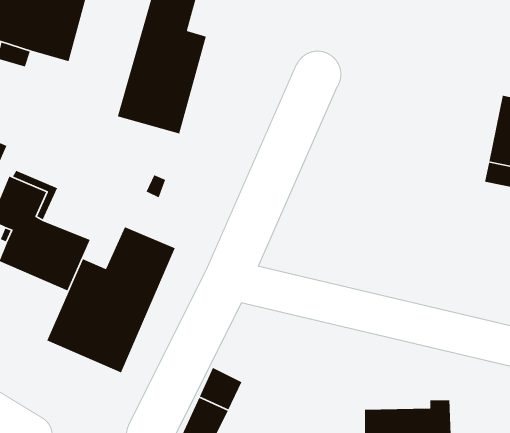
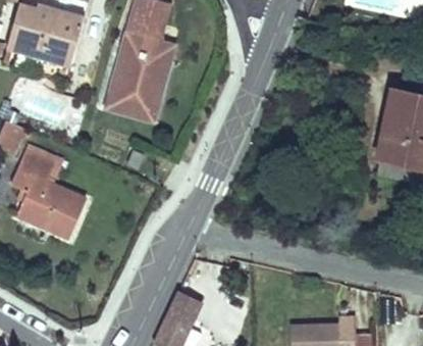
building: [46,226,176,373] -> none

